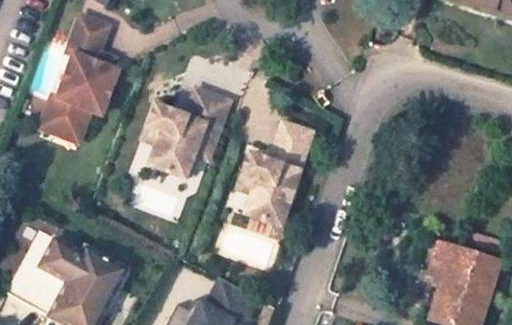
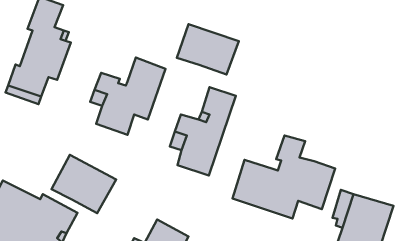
building: none -> [177,24,239,74]
building: none -> [233,136,335,219]
building: none -> [51,155,116,213]

